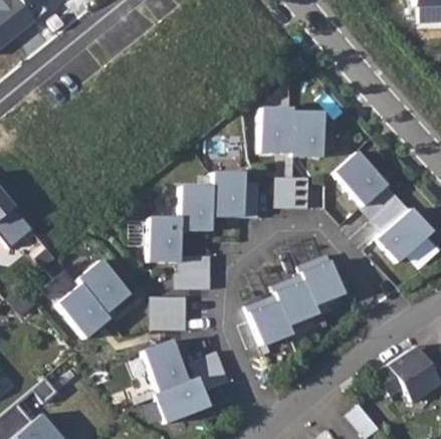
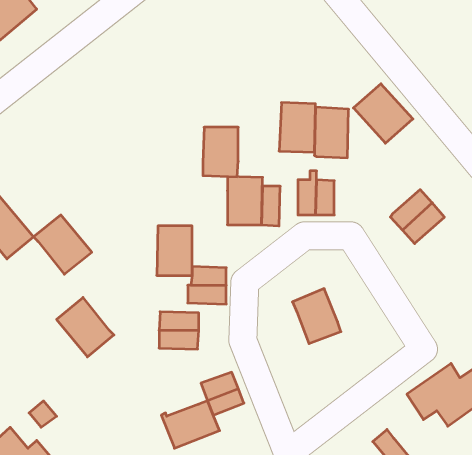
building: [335,153,389,207] -> [353,84,413,143]
building: [181,186,213,231] -> [203,127,238,177]
building: [377,210,432,264] -> none
building: [298,256,343,305] -> none
building: [77,259,131,313] -> [33,215,92,274]
building: [246,296,290,346] -> none
building: [143,341,187,392] -> none

